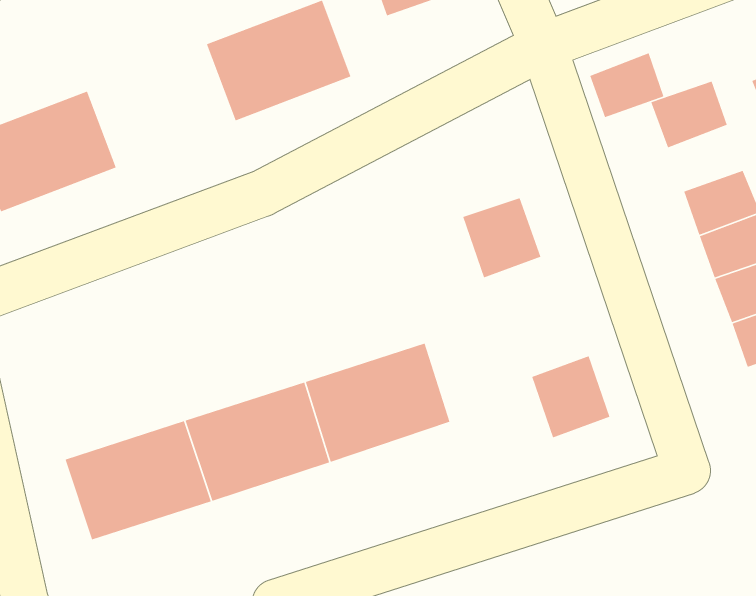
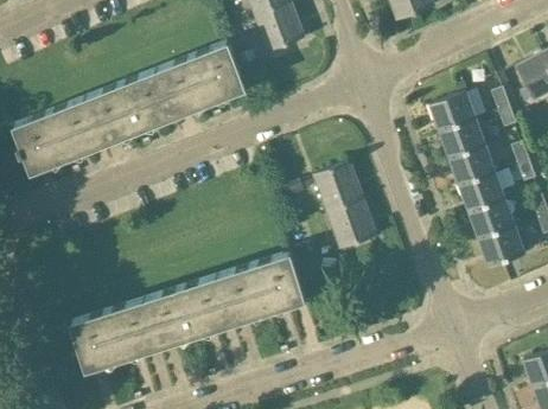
building: none -> [85,70,176,146]
building: [589,52,665,118] -> [440,120,486,160]
building: [531,355,611,439] -> [327,200,376,251]

